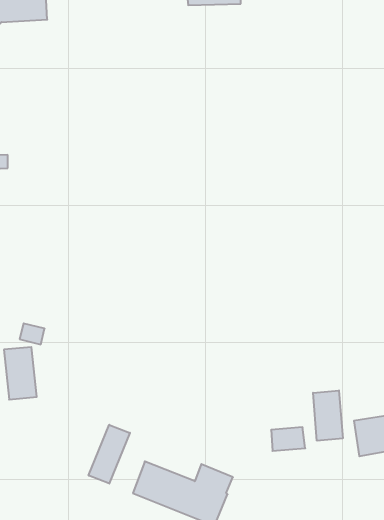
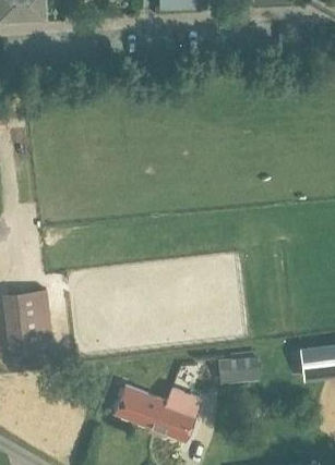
building: [313,390,343,441] -> none
building: [89,425,130,484] -> none

